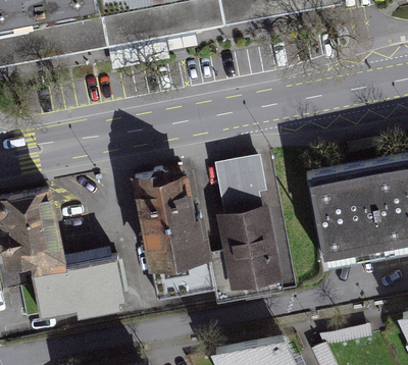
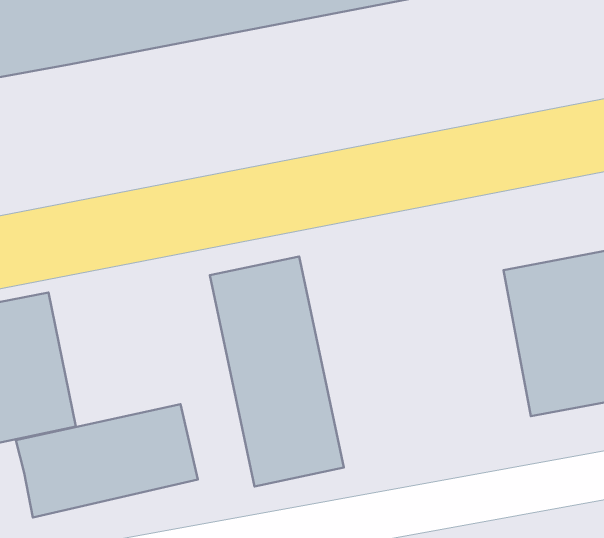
building: [216,163,282,301] -> none

